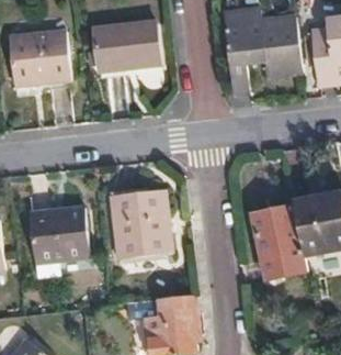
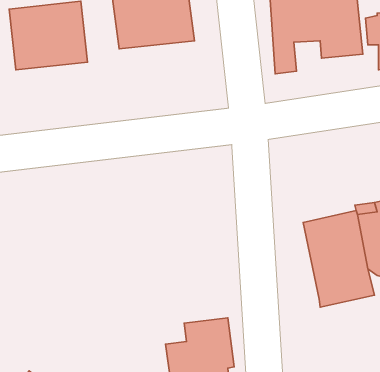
building: [109,187,169,256] -> none
building: [29,203,88,260] -> none

